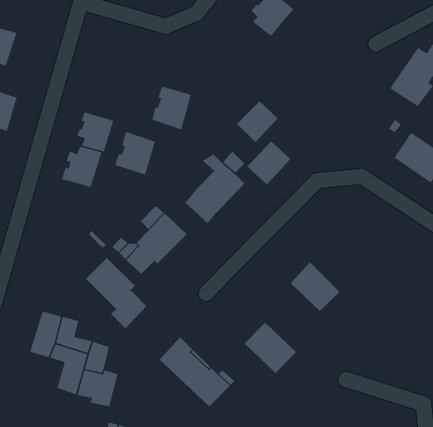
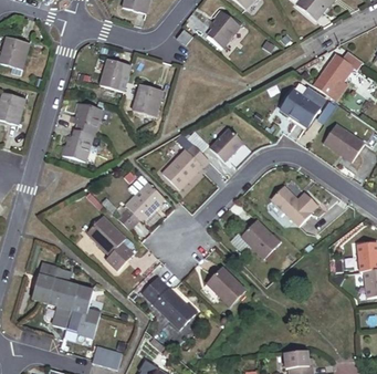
building: none -> [275,87,320,126]
building: [236,101,278,143] -> none
building: [114,131,156,176] -> [101,63,133,97]
building: none -> [269,185,315,225]

